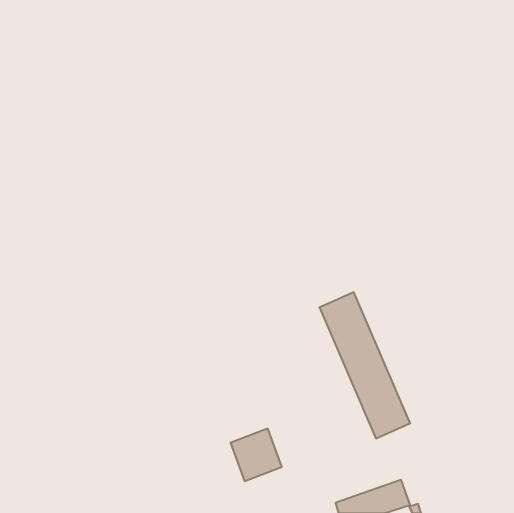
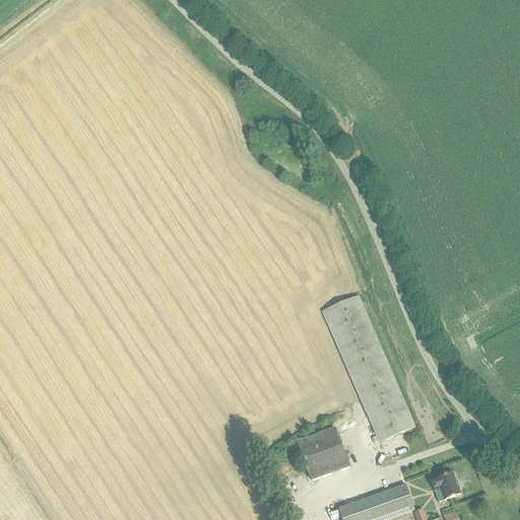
building: [230,429,282,481] -> [297,428,348,480]
building: none -> [431,472,460,502]

